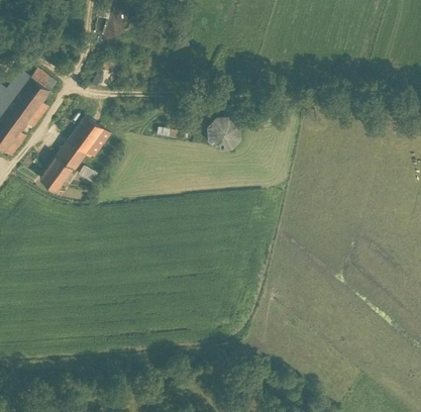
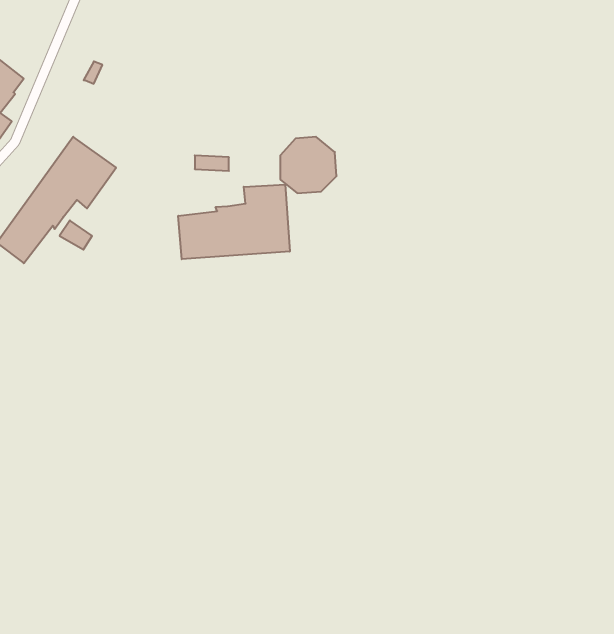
building: none -> [178,184,290,259]

